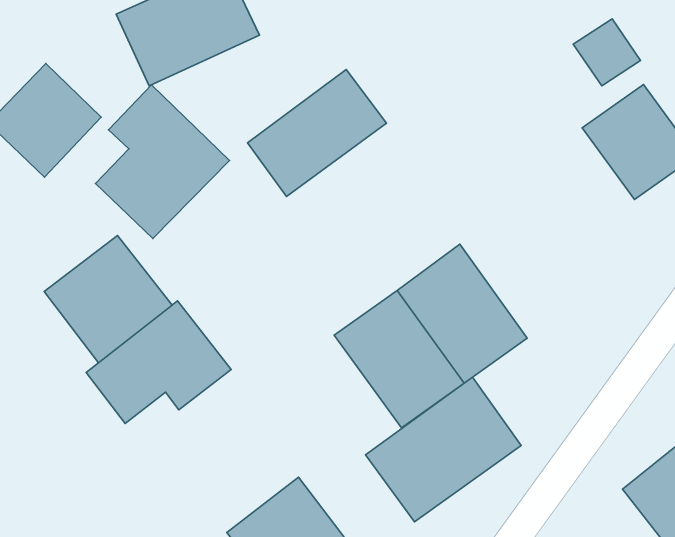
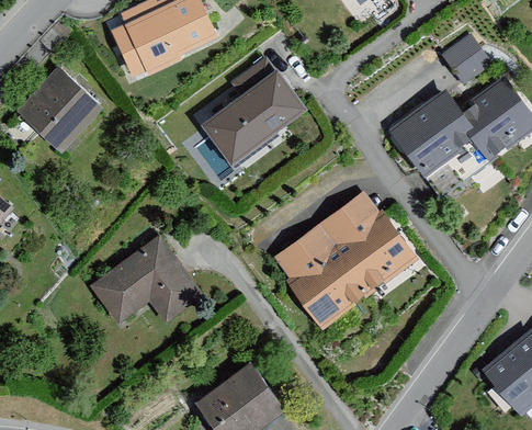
building: [95,85,229,239] -> none
building: none -> [392,93,493,197]
building: [44,235,172,363] -> none
building: [365,377,521,522] -> none

